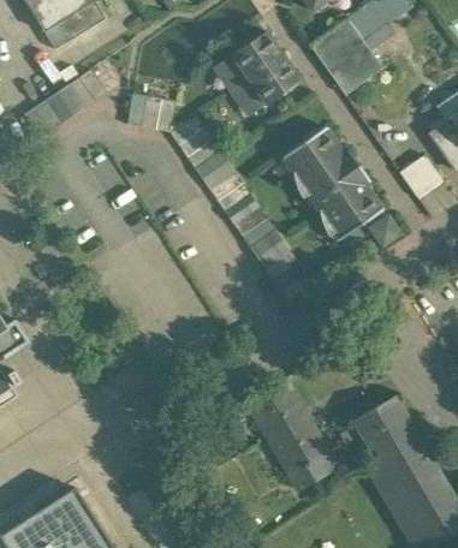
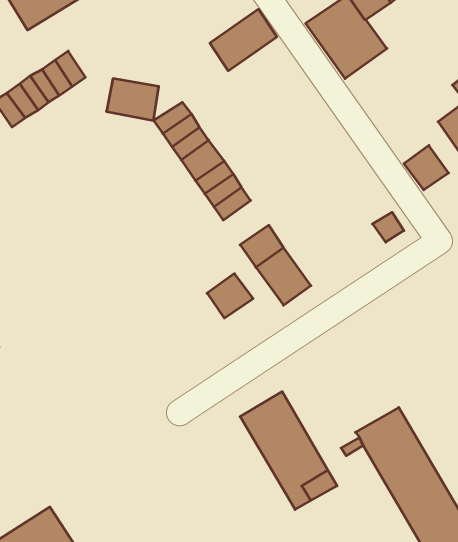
building: [238,56,299,112] -> none
building: [282,127,382,239] -> none
building: [233,207,275,248] -> [207,274,253,318]

